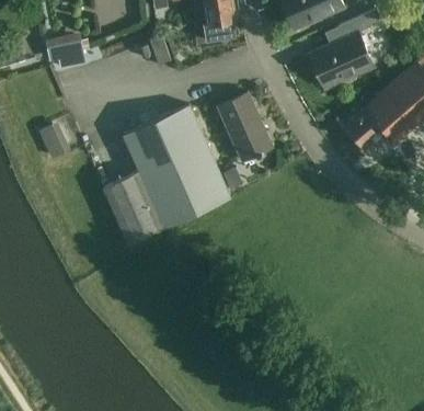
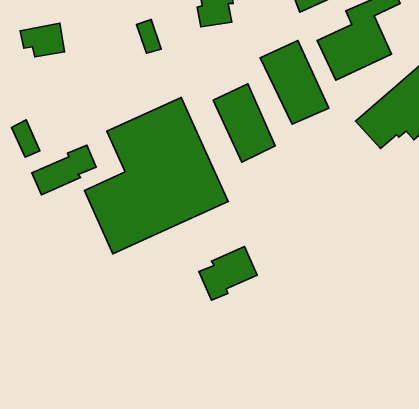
building: none -> [260,41,329,124]
building: none -> [32,145,96,195]
building: none -> [199,246,257,300]

